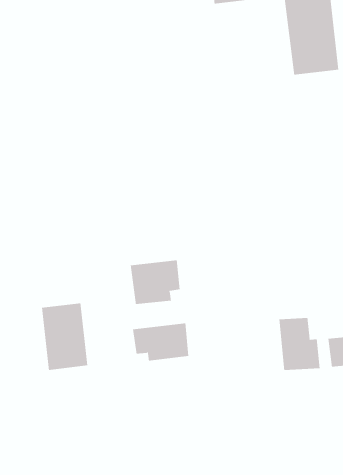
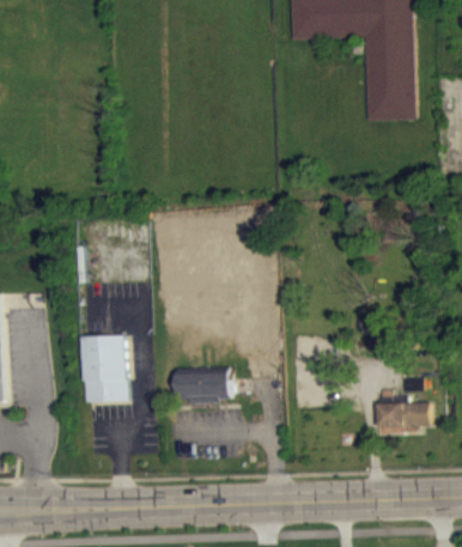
building: [130,260,180,305] -> none
building: [279,317,320,371] -> none

